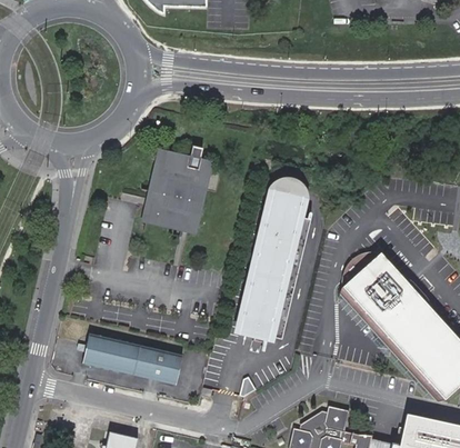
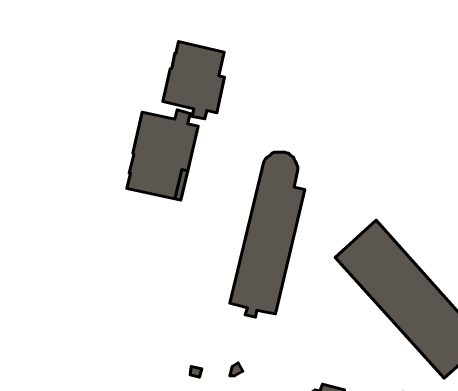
building: none -> [163,41,224,119]
building: [89,337,190,388] -> none

